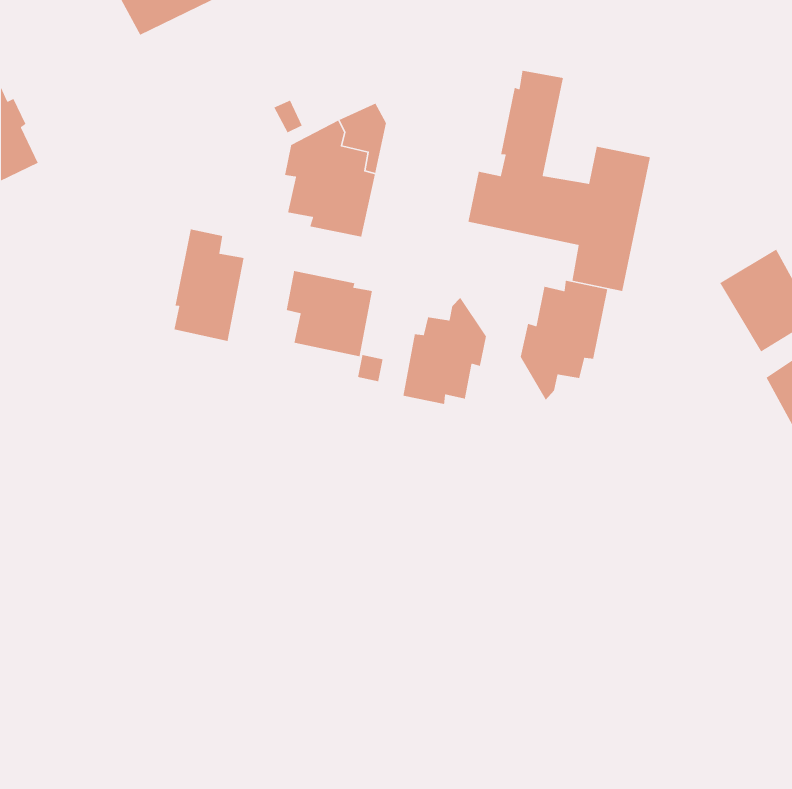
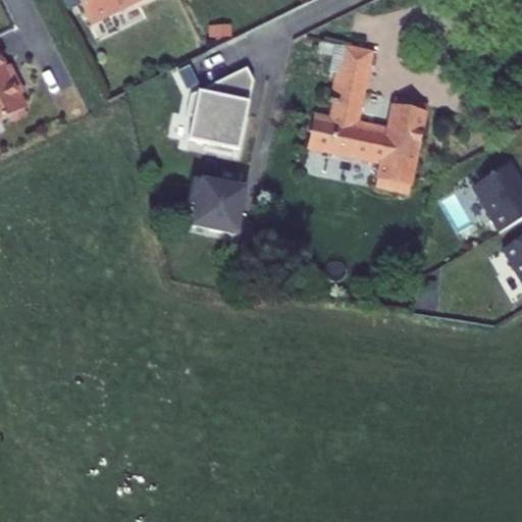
building: [173,228,244,342] -> none
building: [520,280,608,401] -> none
building: [402,297,487,405] -> none

